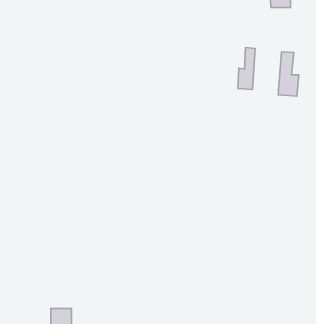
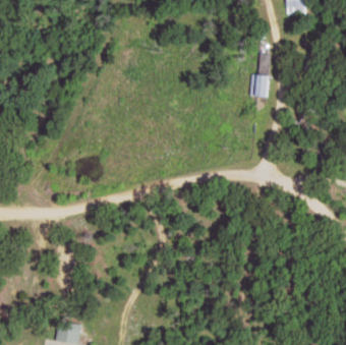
building: [278,52,299,96] -> none

